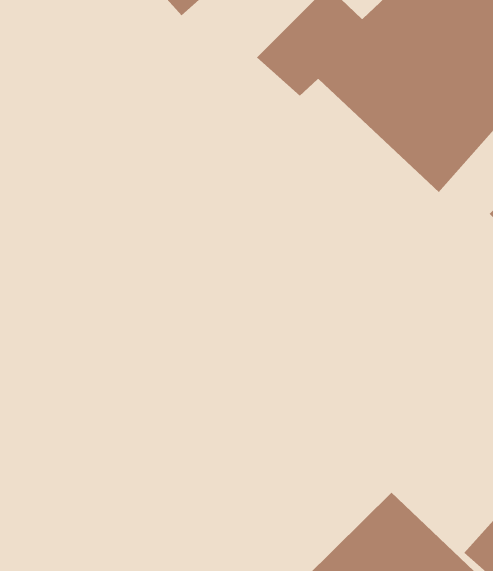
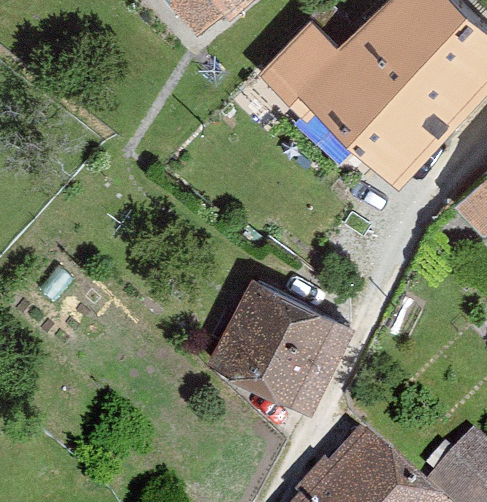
building: none -> [201,266,357,413]

